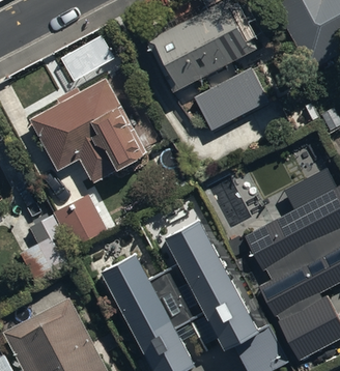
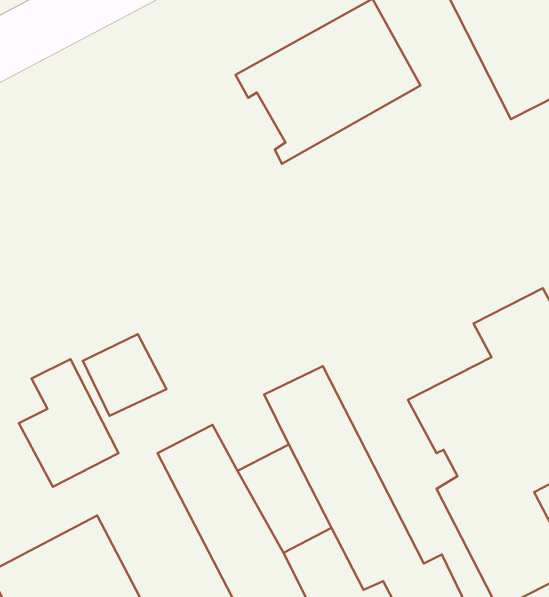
building: [197,68,268,130] -> none
building: [32,77,147,181] -> none

